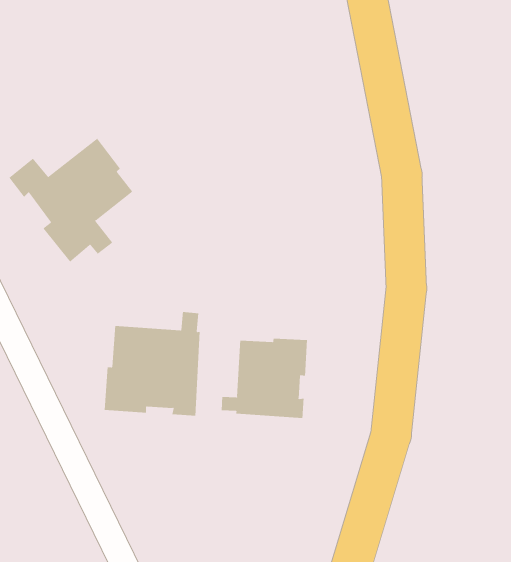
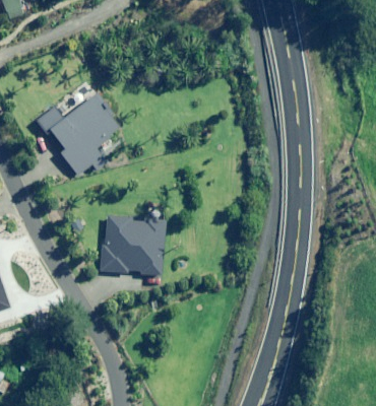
building: [221,338,307,419] -> none

